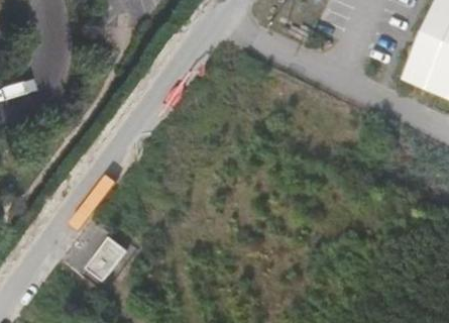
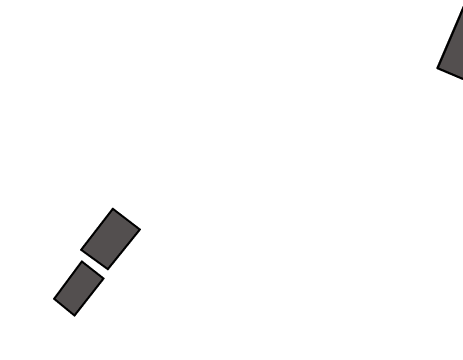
building: none -> [81,209,140,269]

